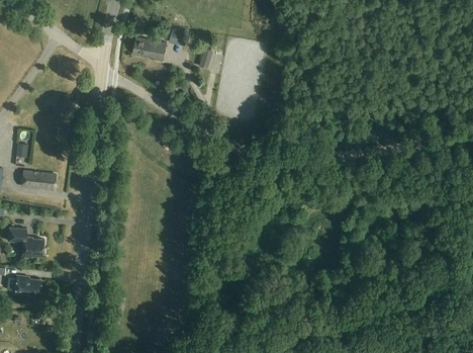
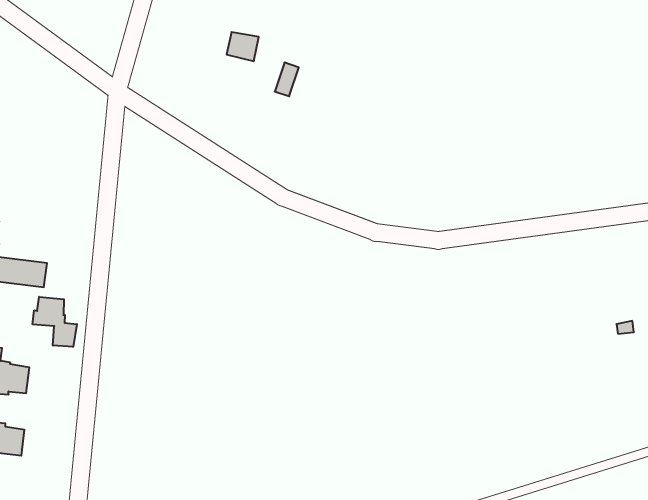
building: [130,37,166,60] -> none
building: none -> [33,297,77,347]

